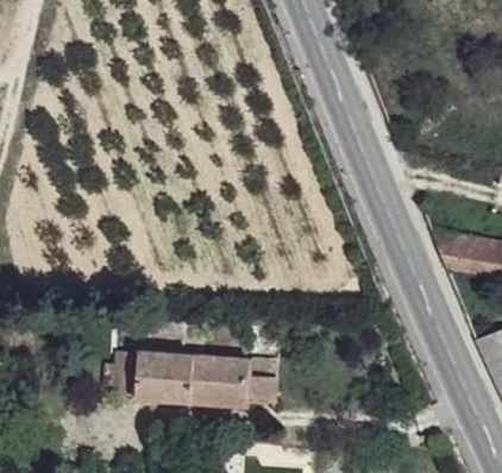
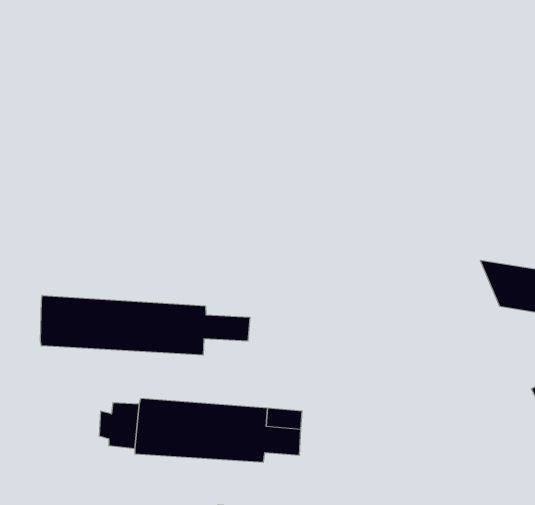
building: none -> [40,295,250,355]

